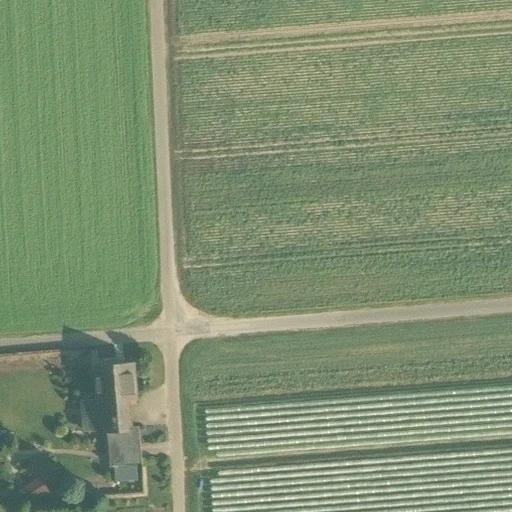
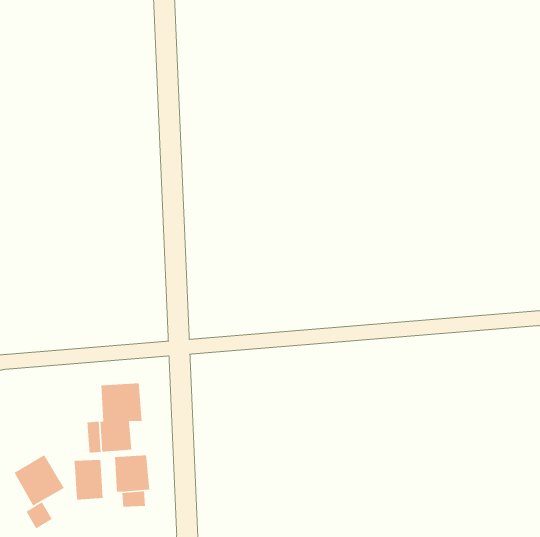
building: none -> [14,454,65,507]
building: none -> [74,459,104,501]

